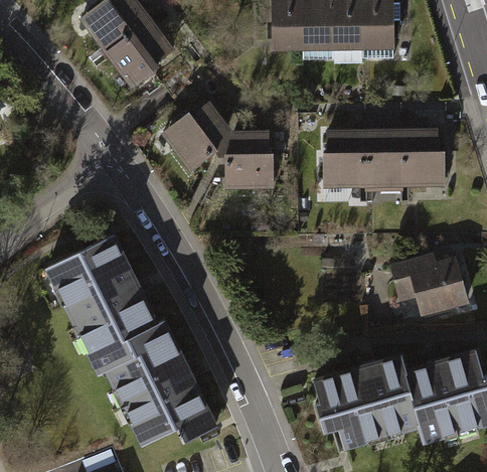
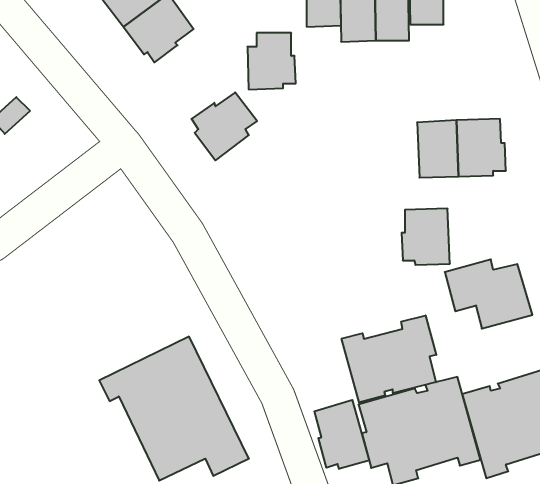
building: [325,134,367,183] -> [402,209,450,265]
building: [227,135,270,184] -> [247,33,296,89]
building: [44,237,157,357] -> none
building: none -> [342,315,436,402]
building: none -> [314,400,369,469]

